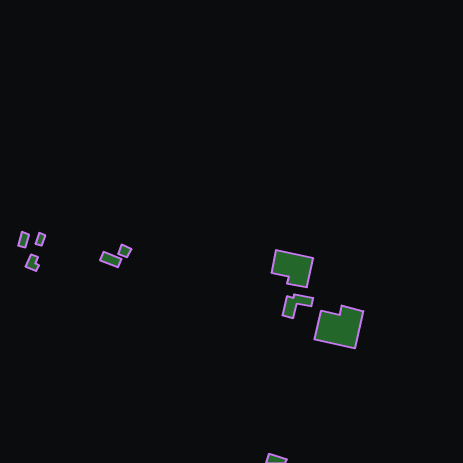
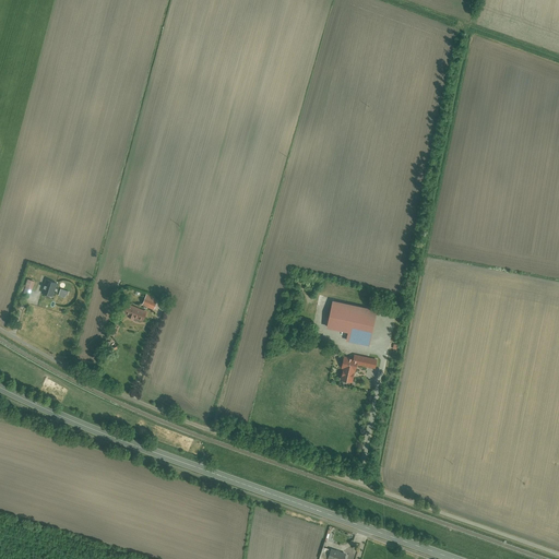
building: [314,305,363,348] -> none

